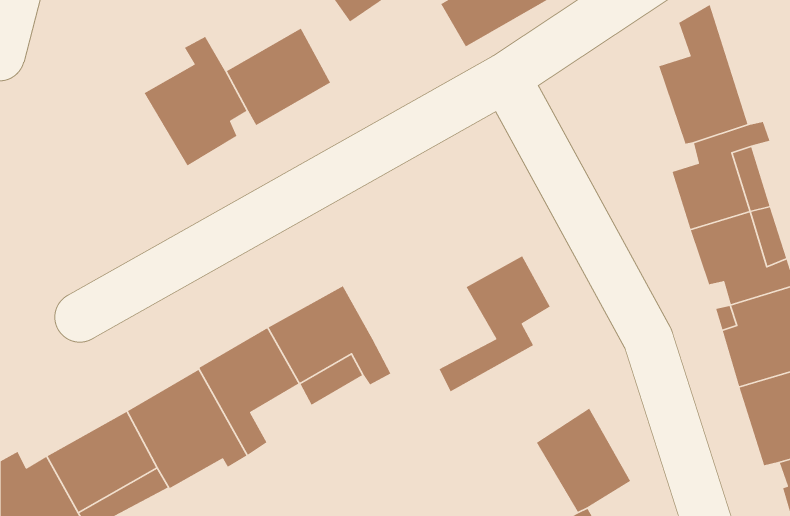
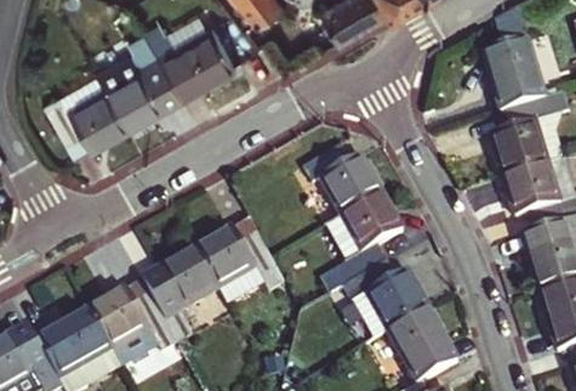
building: none -> [52,75,137,160]
building: none -> [302,147,380,216]
building: none -> [349,259,428,339]

